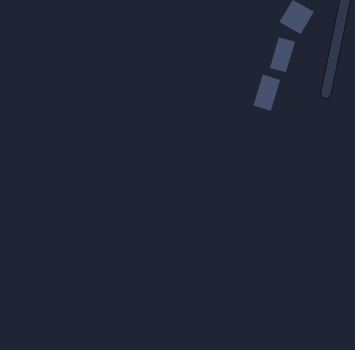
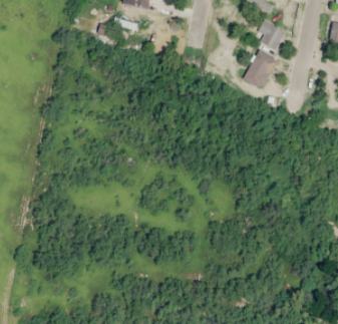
building: [253,73,281,112] -> none

